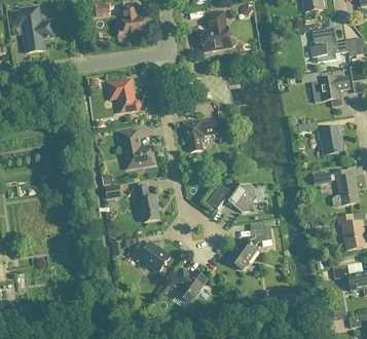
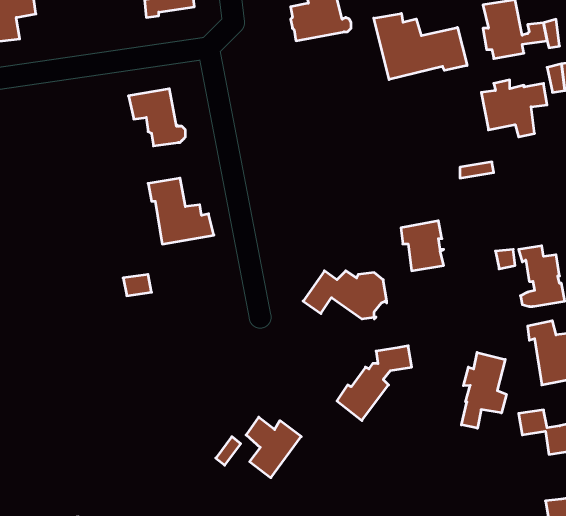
building: none -> [374,13,467,80]
building: [183,120,218,152] -> none
building: [318,125,342,154] -> [401,221,444,271]
building: [135,184,158,222] -> none
building: none -> [461,352,506,428]
building: [130,242,170,272] -> none

